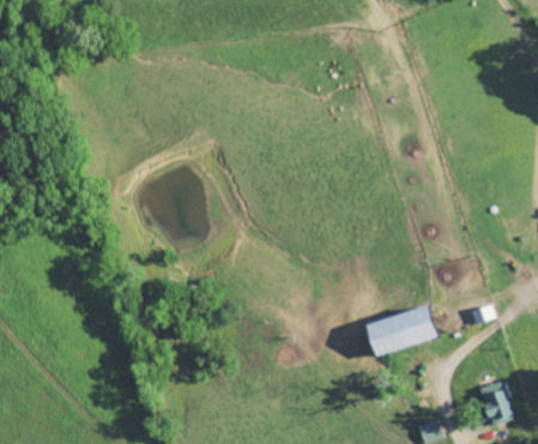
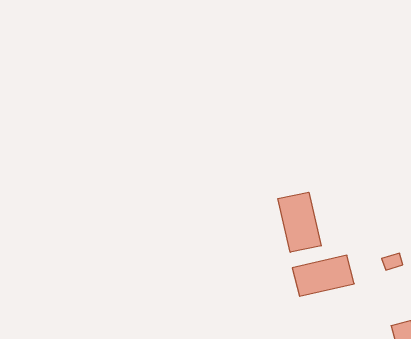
building: none -> [278,192,321,252]

